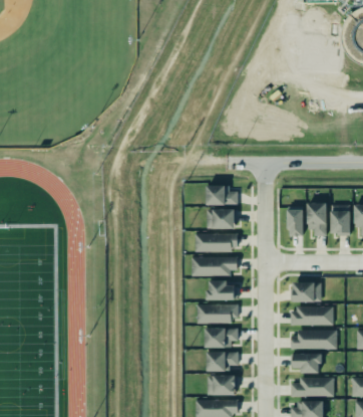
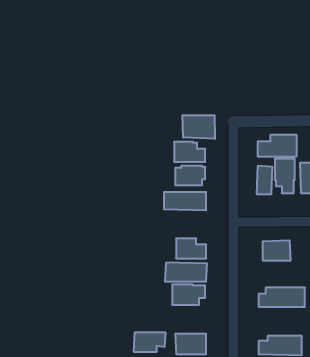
building: none -> [183,115,215,139]
building: none -> [258,135,296,157]
building: [192,257,238,276] -> none
building: [290,306,333,325] -> none
building: [207,353,239,372] -> [134,333,166,352]
building: [290,353,321,372] -> none

